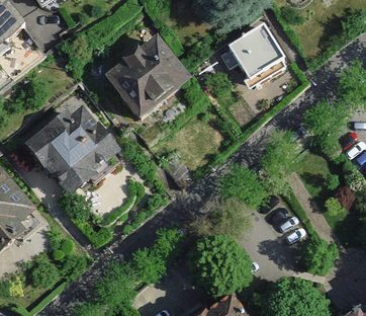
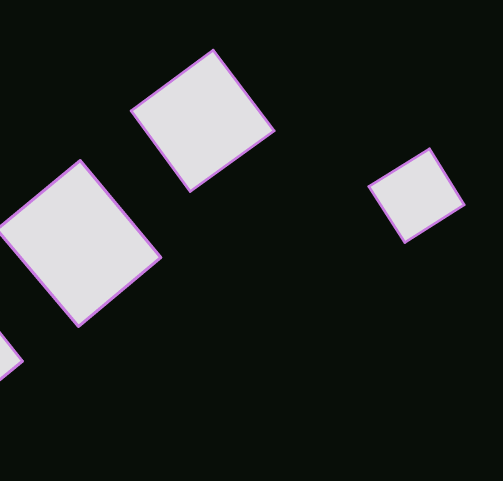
building: [220,16,279,74] -> [369,149,464,243]

